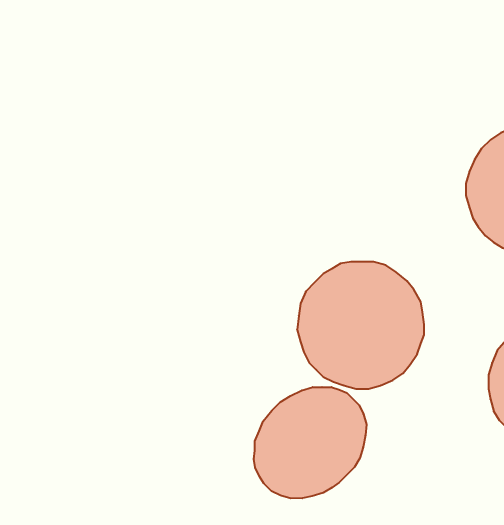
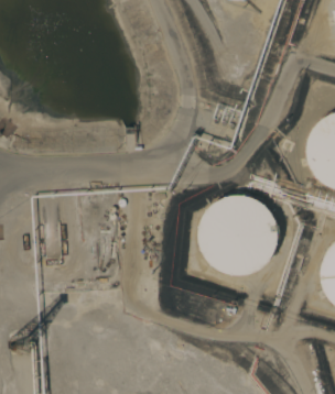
building: [254,387,367,498] -> none

